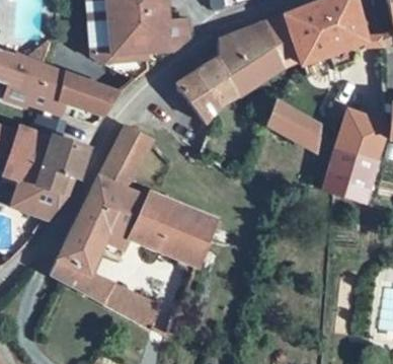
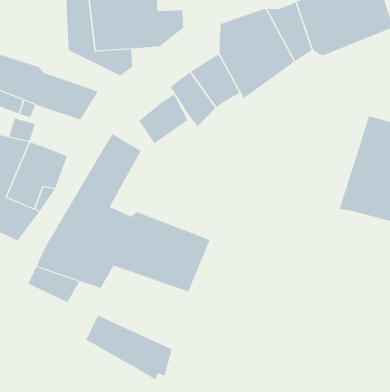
building: none -> [139,94,188,144]
building: [265,102,323,151] -> none
building: [50,256,115,303] -> none

